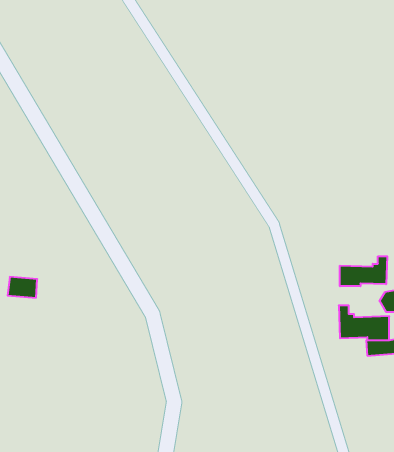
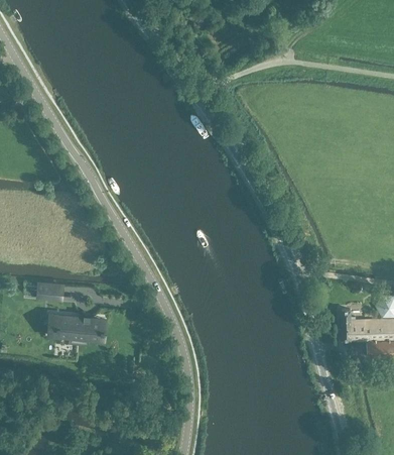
building: [340,256,387,286] -> none
building: none -> [57,314,105,345]

